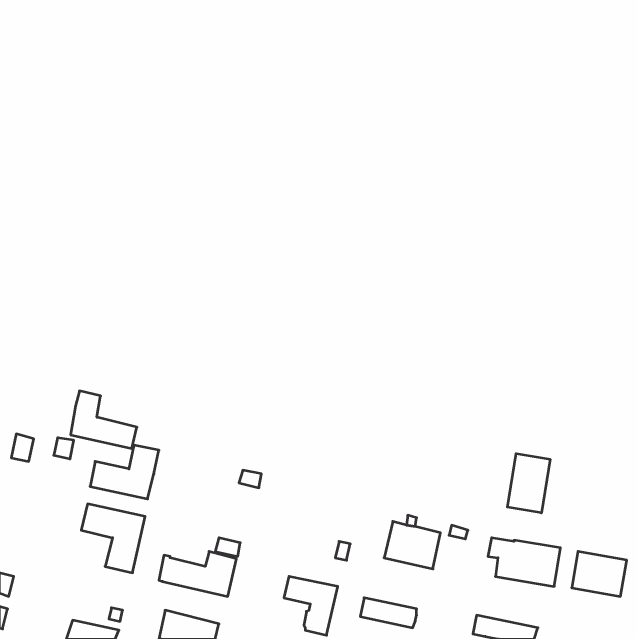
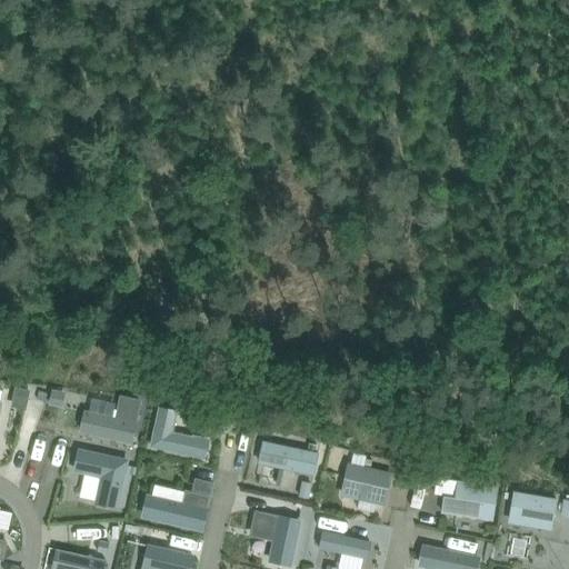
building: [71,391,137,448] -> [150,407,209,458]
building: [507,454,550,513] -> none
building: none -> [258,440,318,475]

